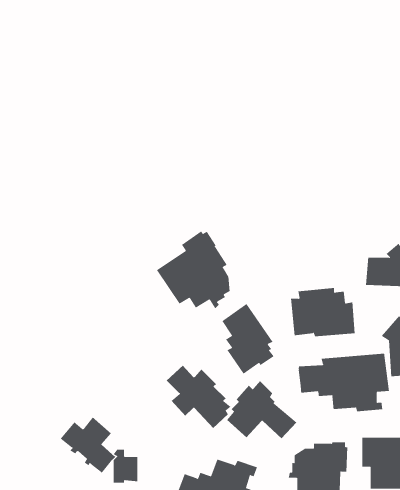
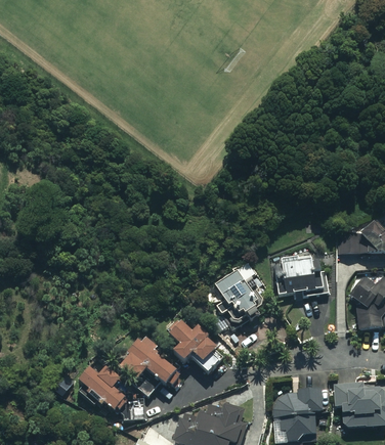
building: [156,231,230,309] -> none
building: [298,353,389,412] -> none
building: [226,380,297,439] -> [118,336,178,386]

